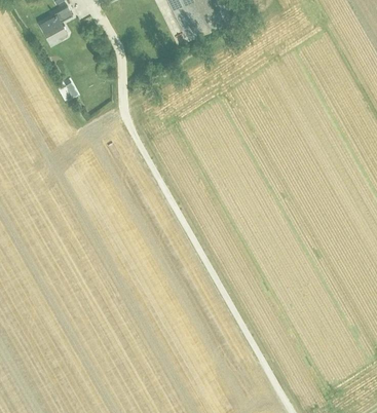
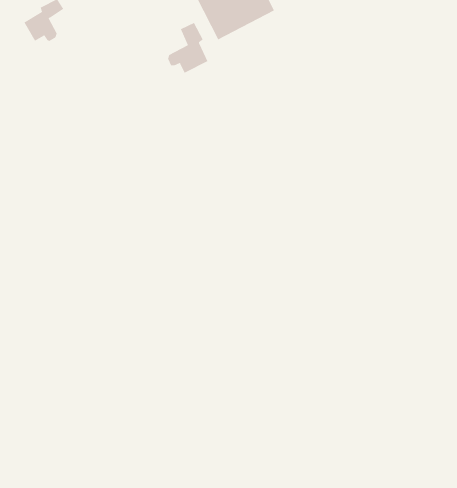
building: none -> [167,22,208,74]

